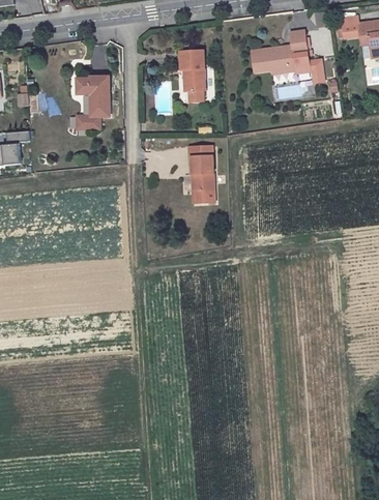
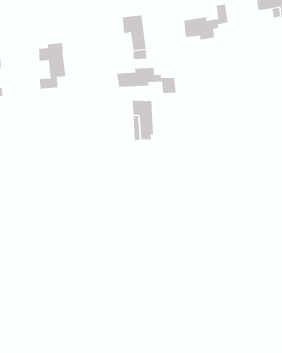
building: [294,52,323,82] -> none
building: none -> [117,67,176,94]

